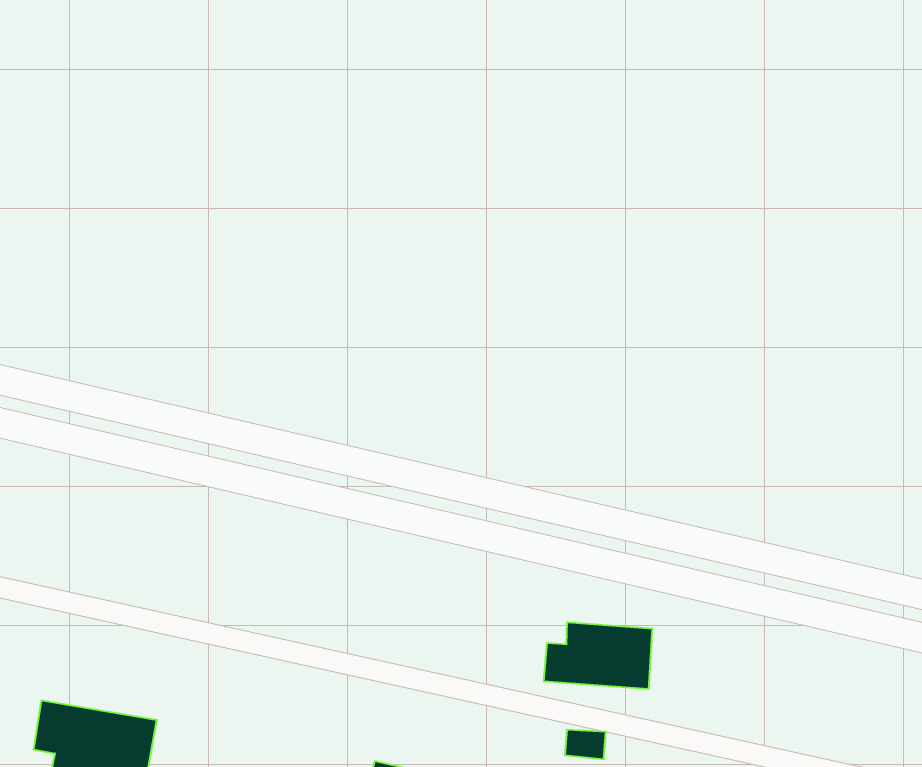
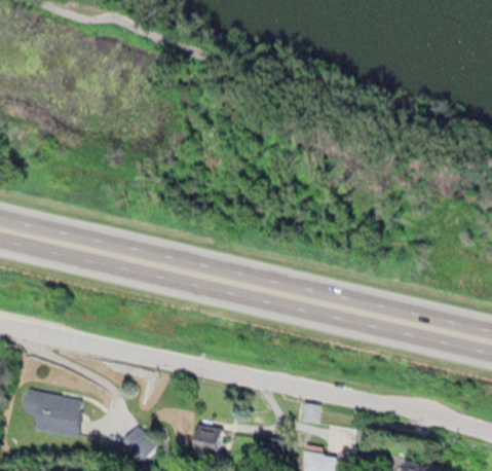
building: [544,622,652,689] -> none

